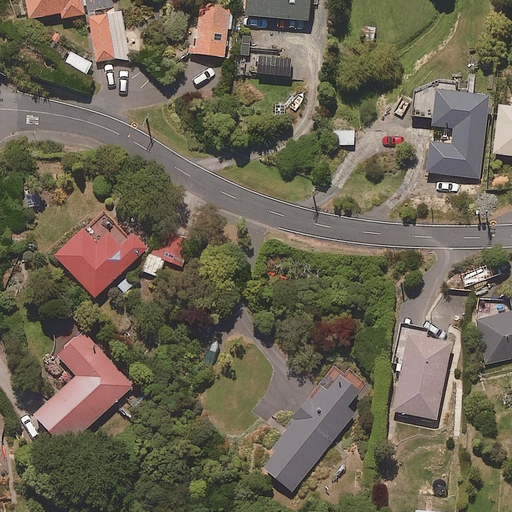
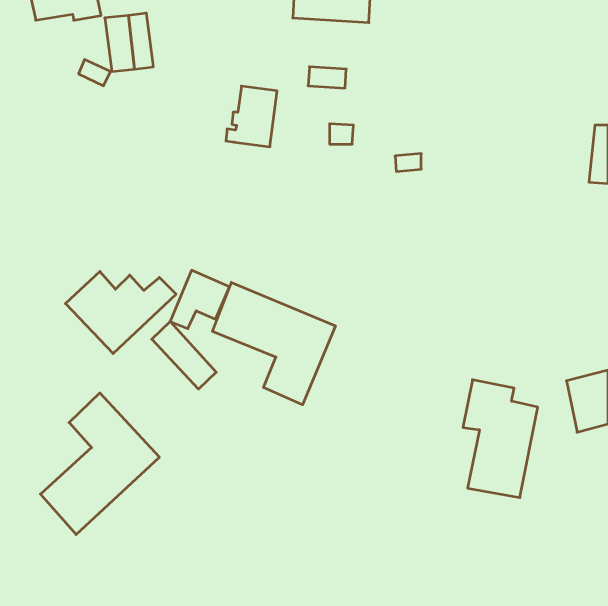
building: [187,5,230,56] -> [226,86,277,147]
building: [426,82,490,177] -> none
building: none -> [212,282,335,405]
building: none -> [152,321,216,389]
building: [258,368,362,492] -> none

